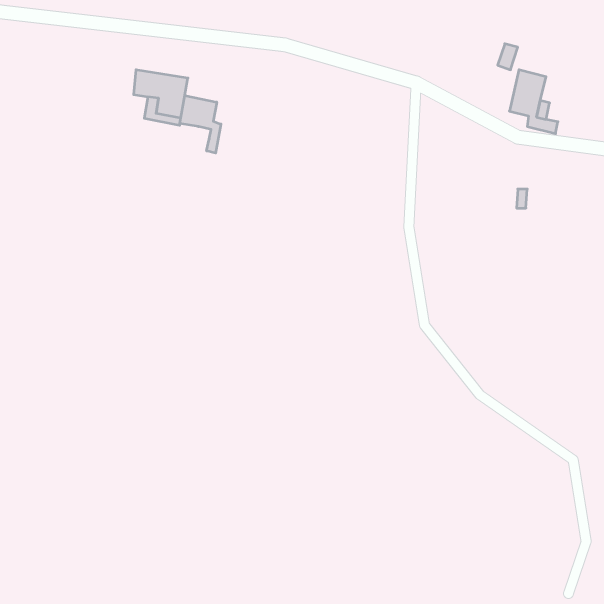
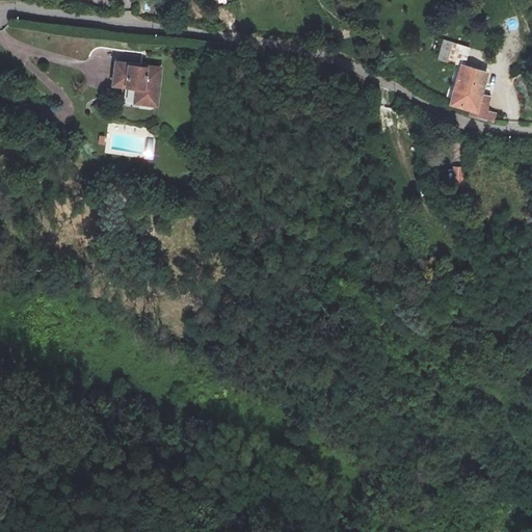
building: [180,96,221,153] -> none

